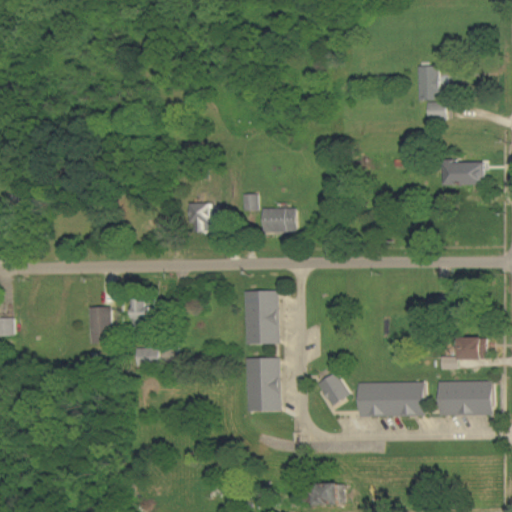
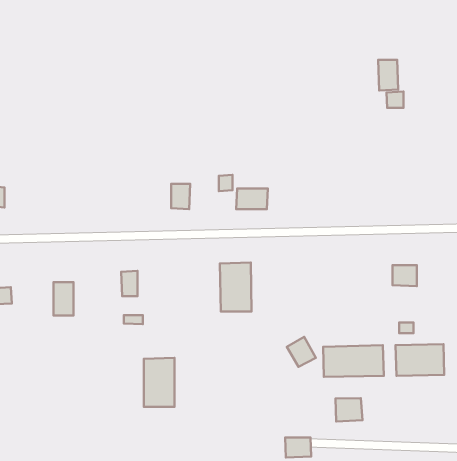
building: [444,161,484,185] -> none
building: [89,307,111,344] -> [54,282,74,316]
building: [460,336,487,359] -> [392,265,417,286]
building: [245,357,279,411] -> [144,358,175,407]
building: none -> [335,398,362,421]

